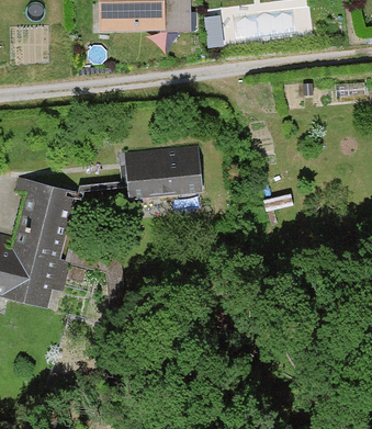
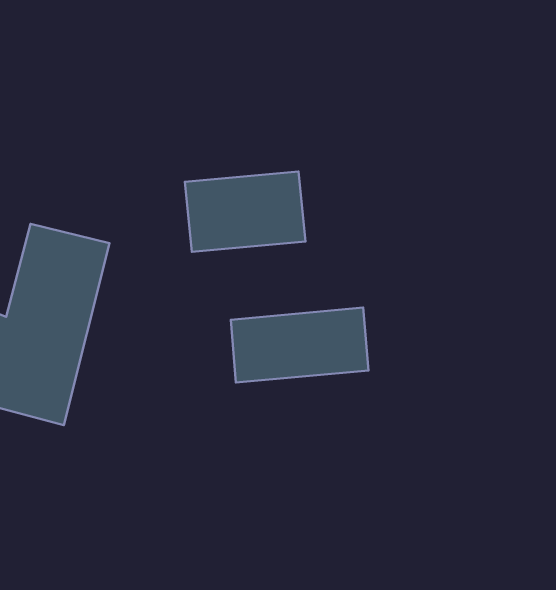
building: none -> [231,308,368,383]

